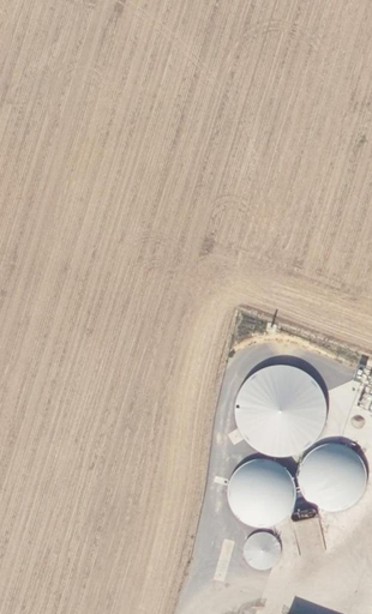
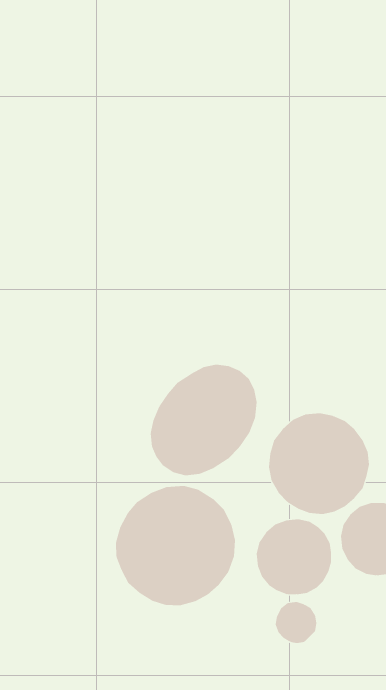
building: none -> [150,364,257,476]
building: none -> [116,485,236,606]

